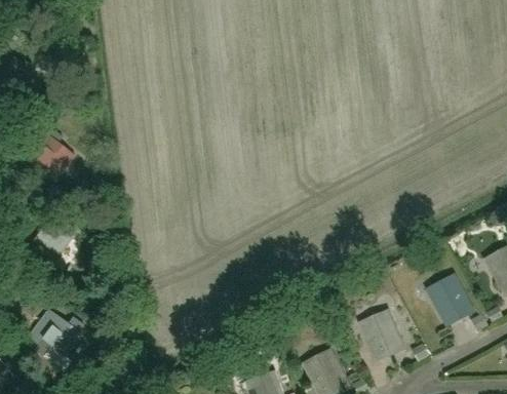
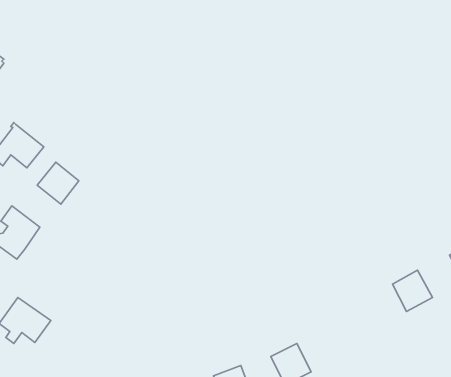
building: none -> [37,162,79,204]
building: [363,318,403,359] -> none

